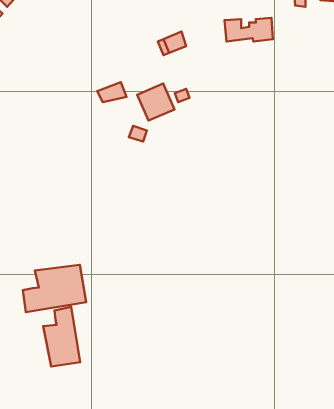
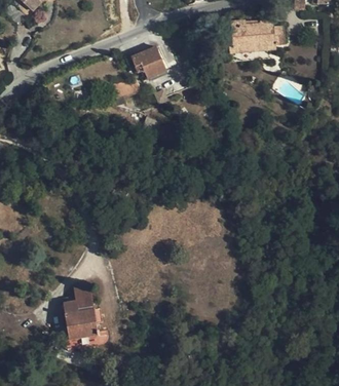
building: [137,83,174,121] -> [131,47,165,81]
building: [23,265,86,312] -> none

